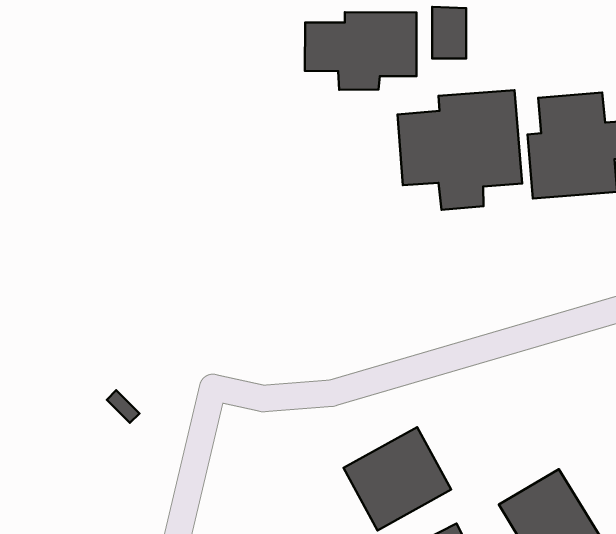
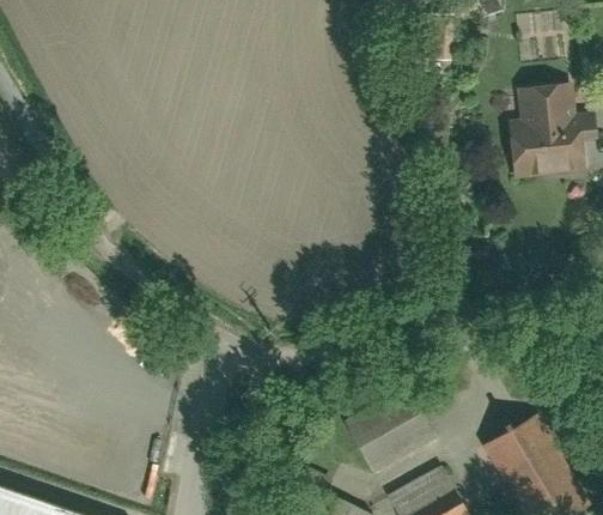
building: [305,12,416,90] -> none
building: [397,90,522,210] -> none

